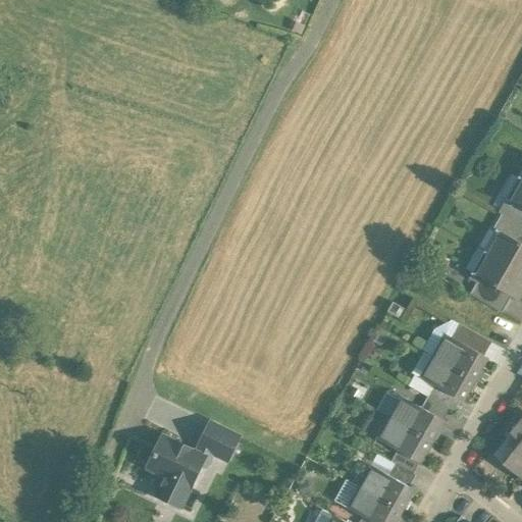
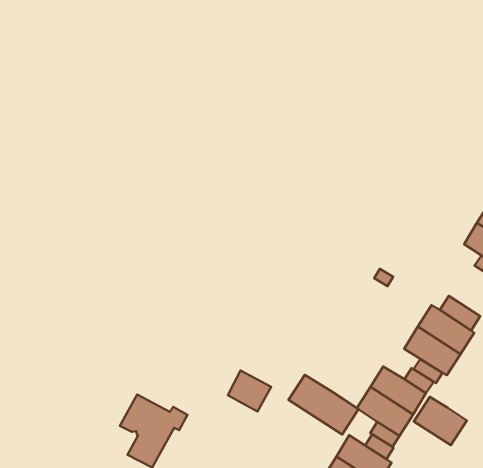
building: none -> [288,375,358,435]
building: [197,421,239,460] -> [228,371,271,411]
building: none -> [414,397,467,445]

